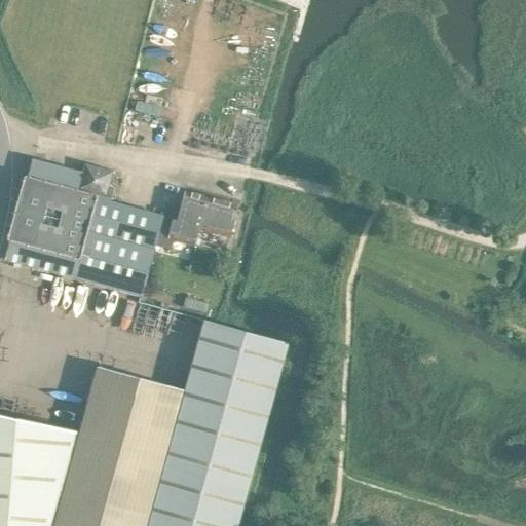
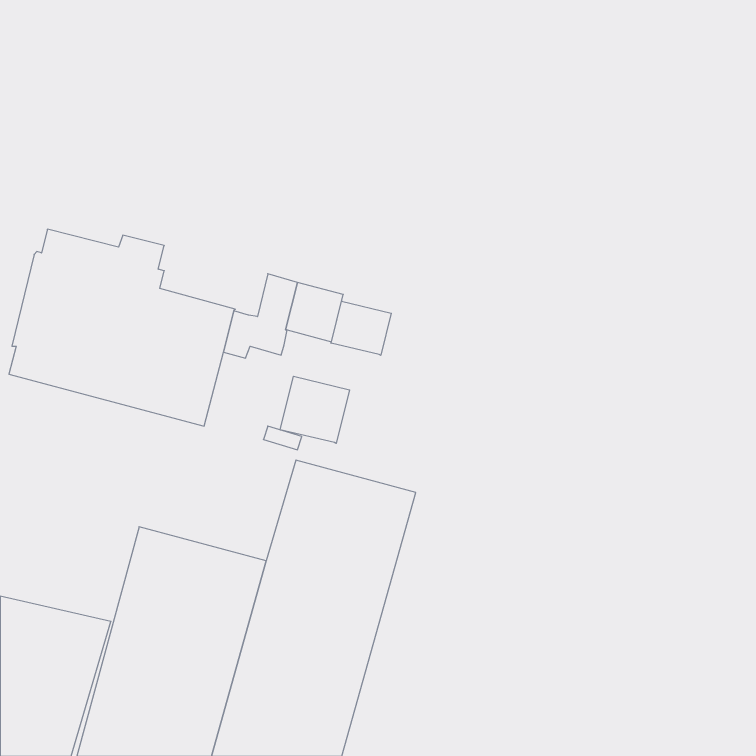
building: none -> [331,301,391,355]
building: none -> [280,376,350,443]

